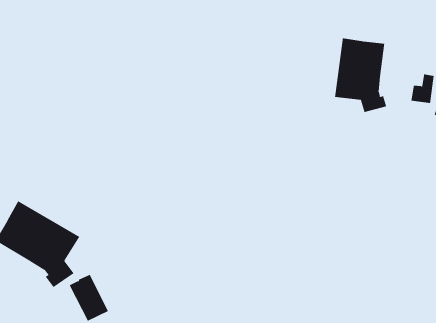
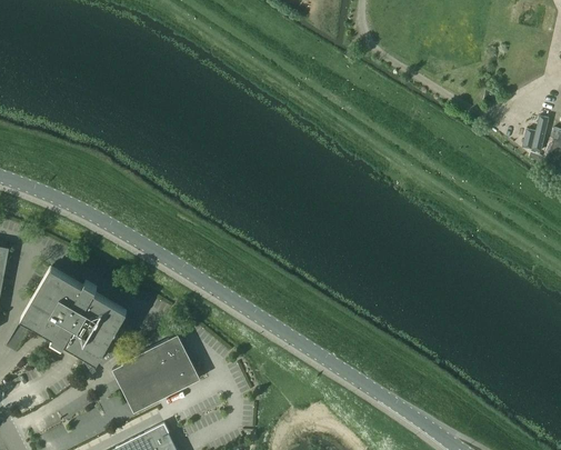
building: [334,38,387,113] -> none
building: none -> [137,334,200,400]

